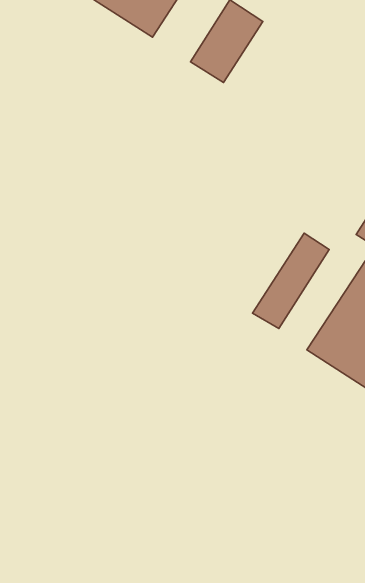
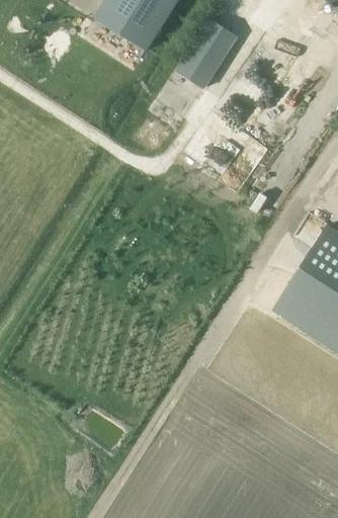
building: [252,233,329,328] -> none

